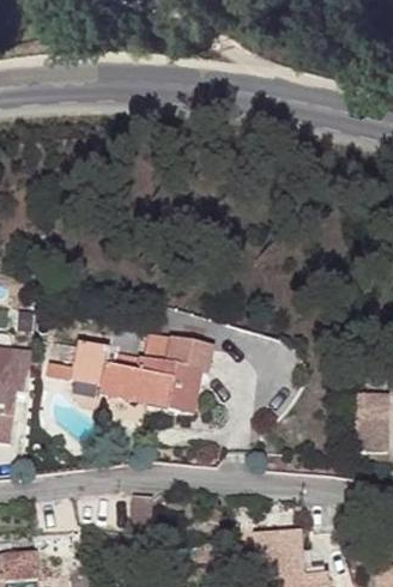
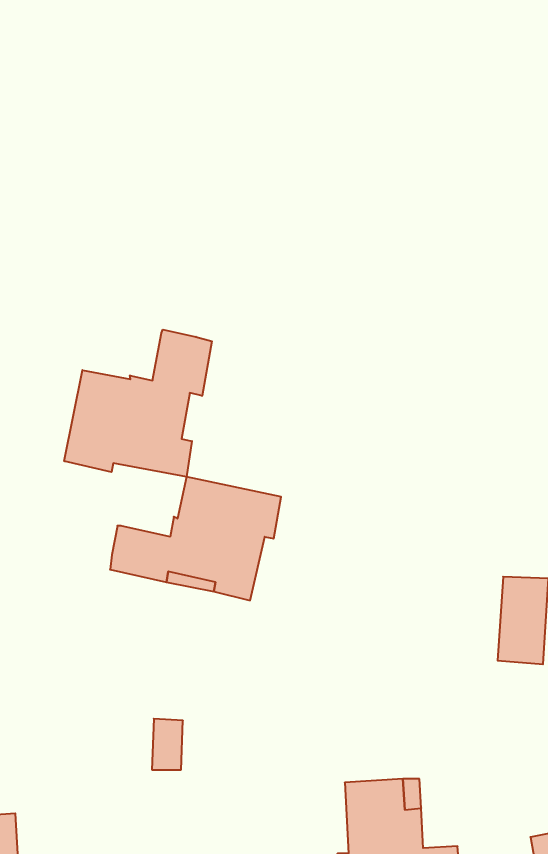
building: none -> [64,330,212,477]
building: [72,341,109,382] -> none

